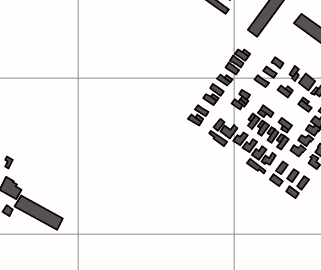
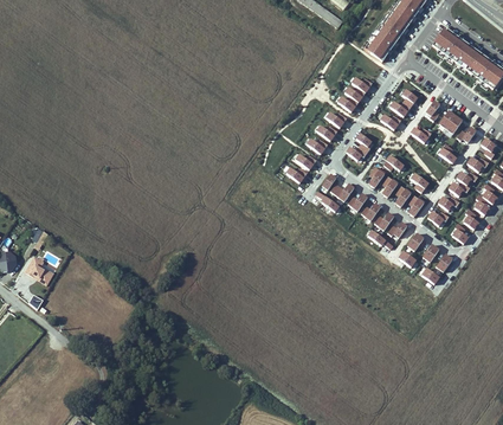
building: [14,195,63,230] -> none

